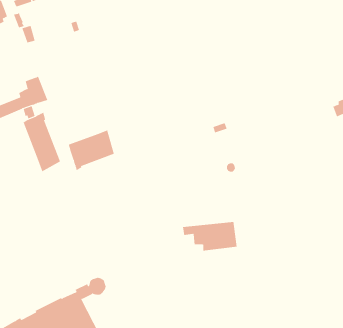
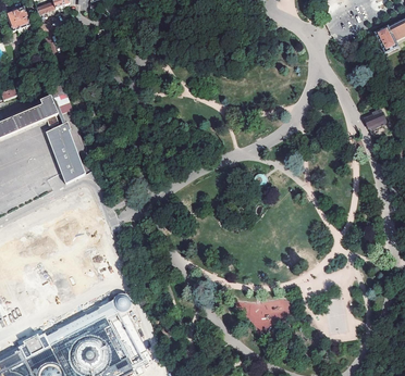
building: [68,129,114,171] -> none
building: [182,222,237,251] -> [234,297,291,327]

